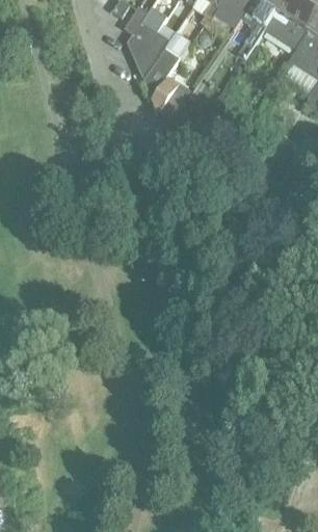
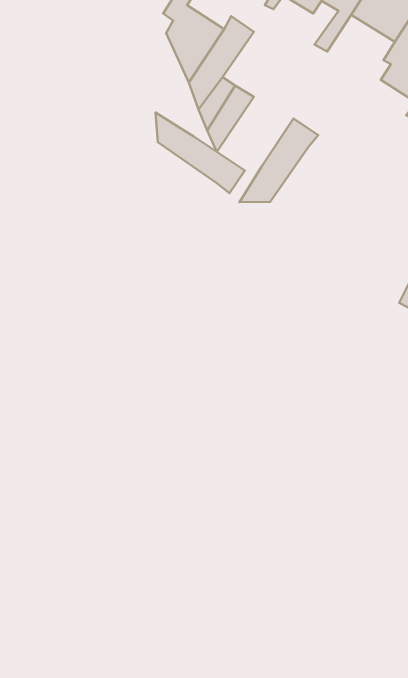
building: none -> [156,113,245,193]
building: none -> [240,119,318,202]

